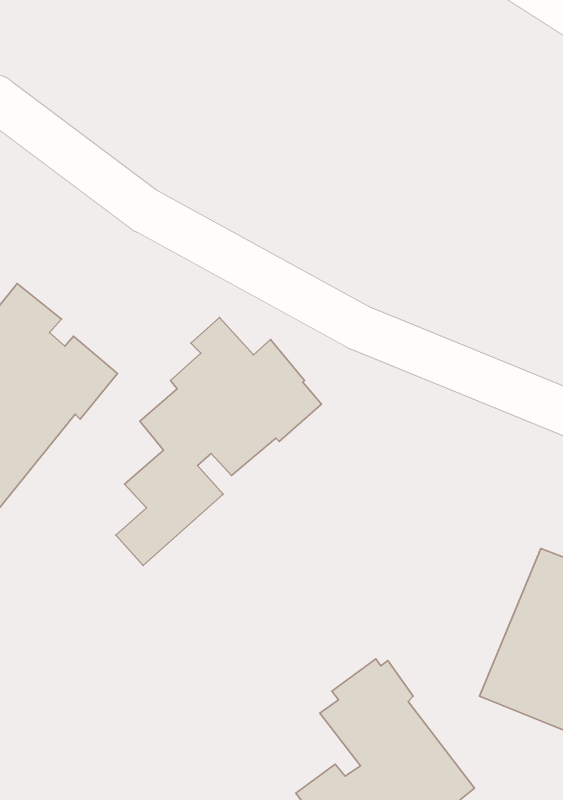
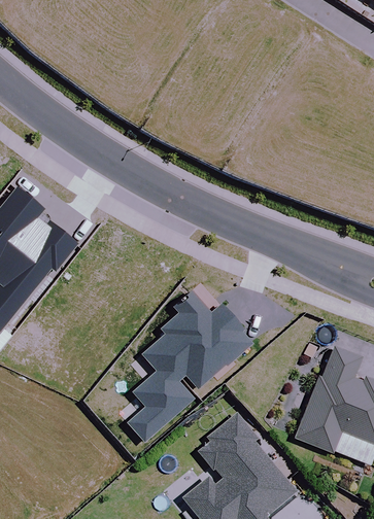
building: [116,318,322,566] -> [128,289,252,440]

